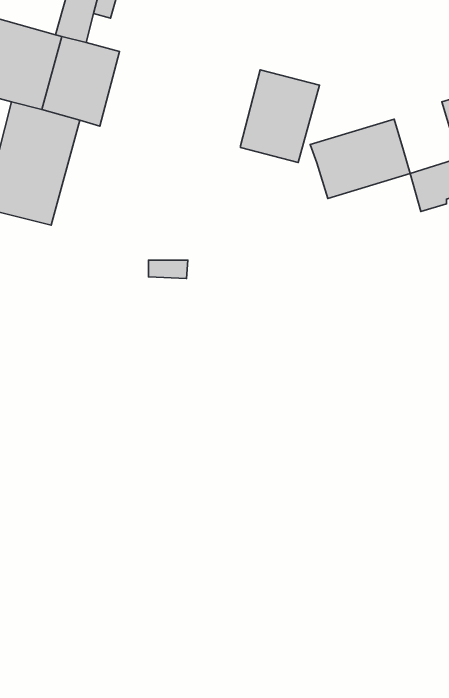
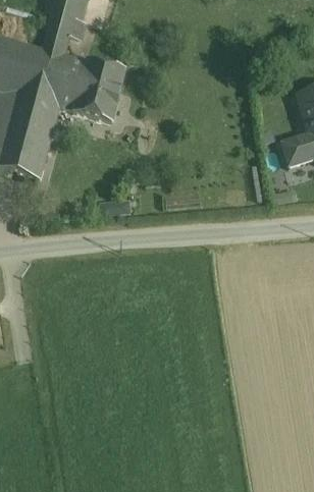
building: [240,70,320,163] -> [71,57,124,119]
building: [310,119,410,198] -> none

